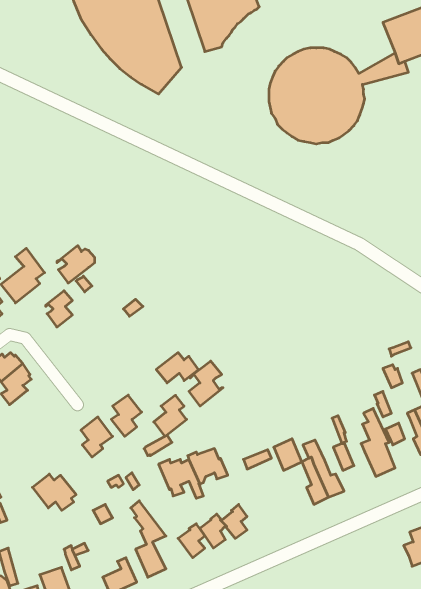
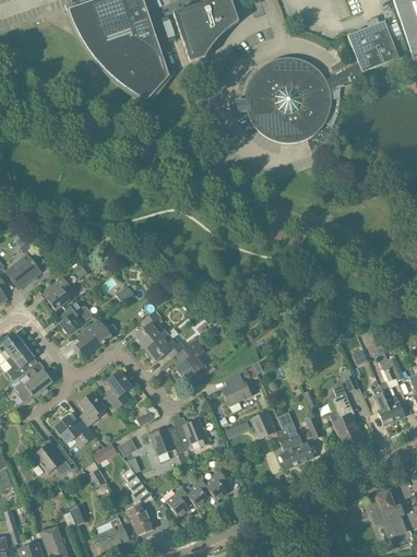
building: [57,246,95,283] -> [58,300,92,334]
building: none -> [76,319,111,355]
building: none -> [11,365,51,399]
building: none -> [221,368,250,404]
building: [154,395,187,436] -> [135,310,165,347]
building: none -> [53,415,93,446]

